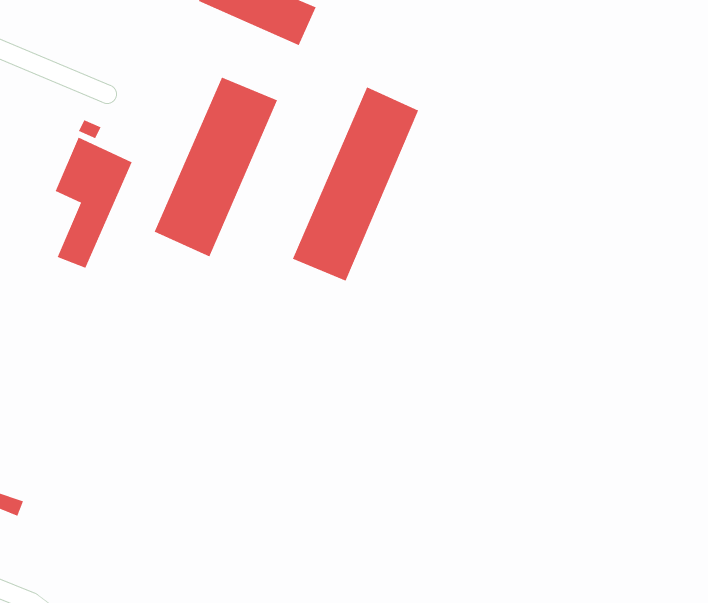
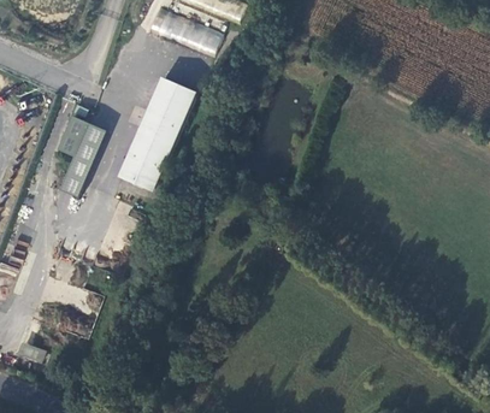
building: [292,87,419,281] -> none

